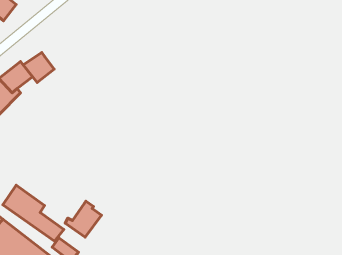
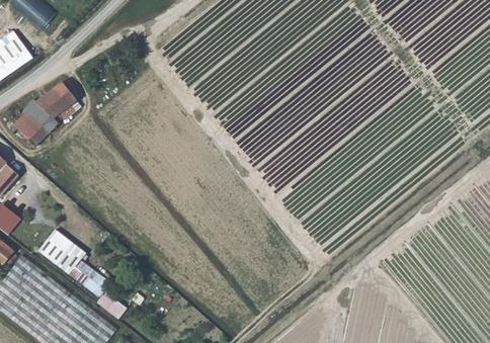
building: [23,52,54,82] -> none
building: [65,201,101,237] -> none

